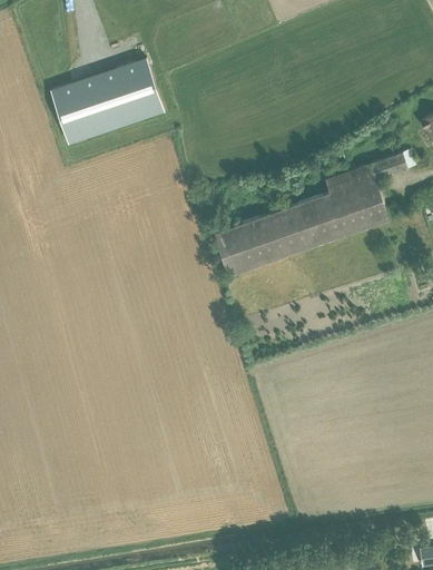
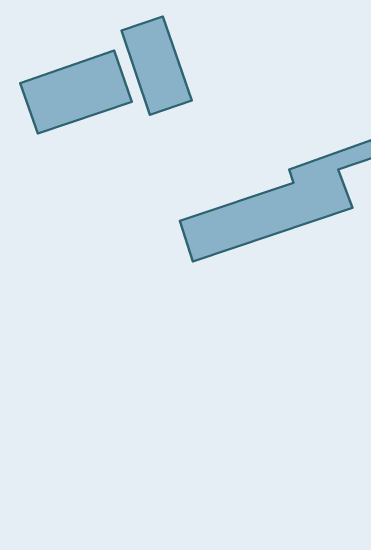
building: none -> [122,17,192,115]

